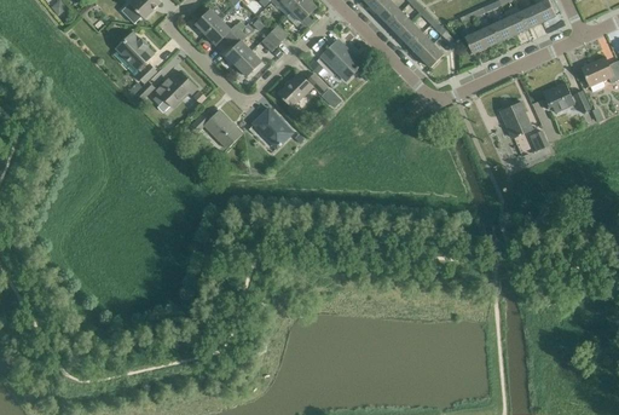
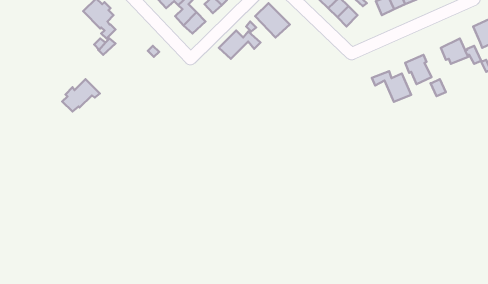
building: [151,73,196,111] -> [62,79,100,112]
building: [251,109,290,148] -> none
building: [189,110,241,149] -> none
building: none -> [372,71,411,102]

